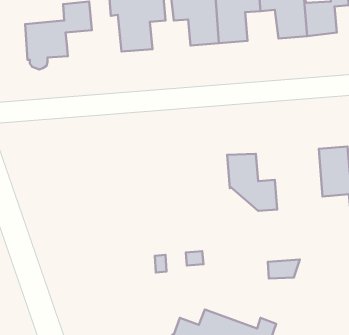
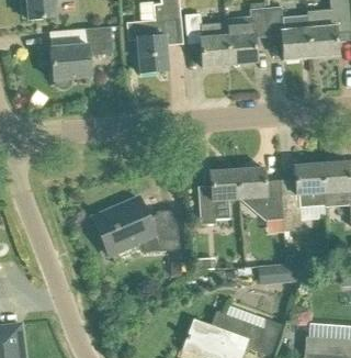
building: none -> [282,163,326,231]
building: none -> [199,168,240,224]
building: none -> [93,198,180,254]

